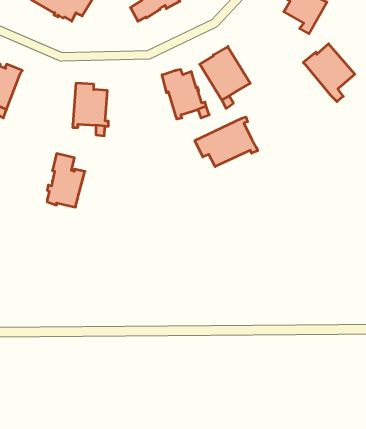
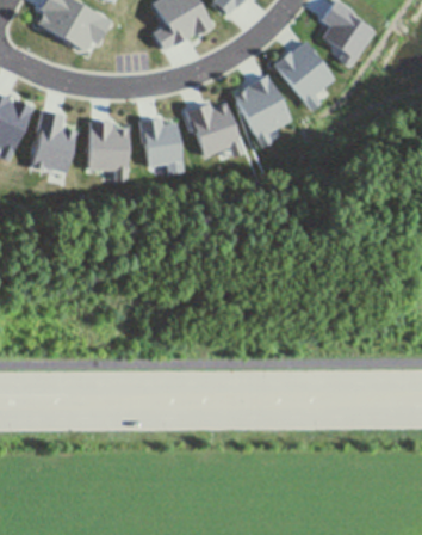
building: [303,44,355,102] -> [277,43,335,109]
building: none -> [139,119,178,166]
building: [195,117,258,167] -> none
building: [47,154,85,207] -> [32,110,75,171]

